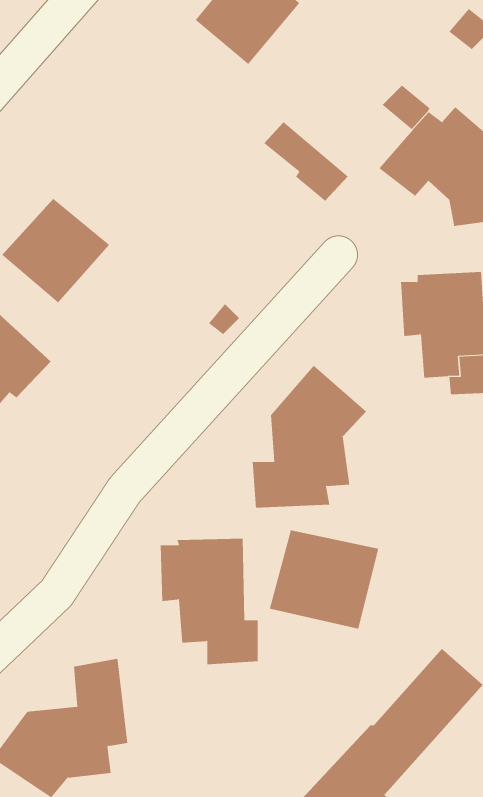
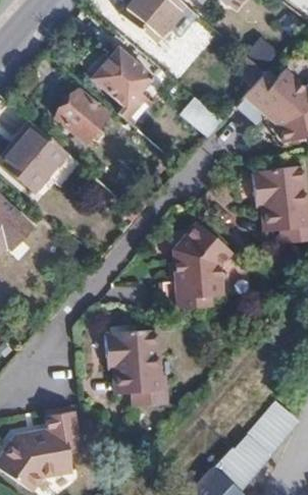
building: none -> [96,47,155,123]
building: none -> [59,87,111,139]
building: [269,529,379,630] -> none

